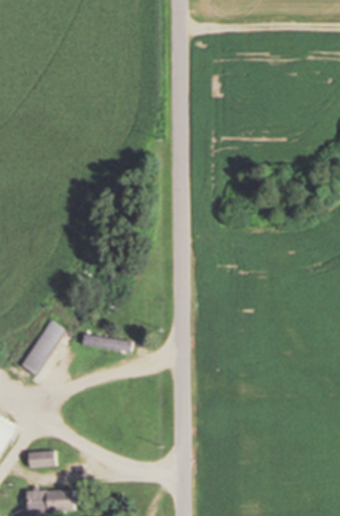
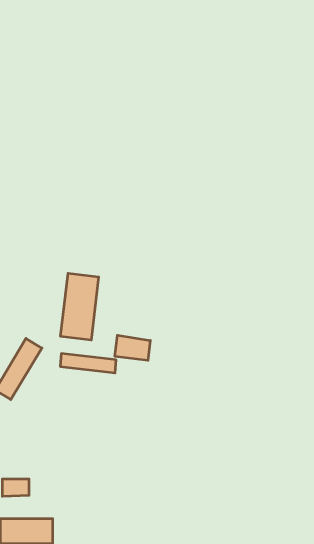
building: none -> [61,273,99,340]
building: none -> [115,335,150,360]

